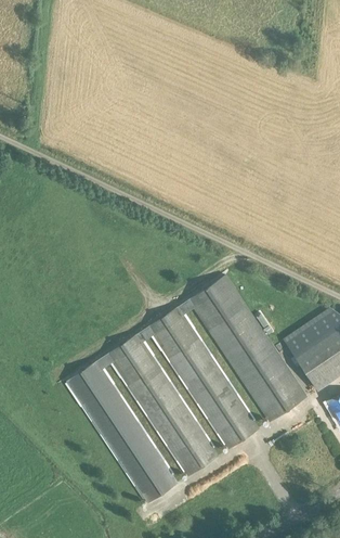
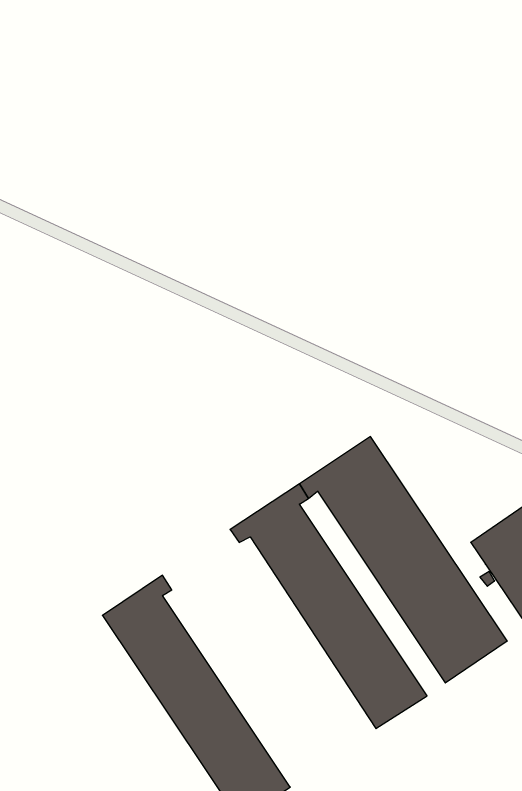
building: [102,331,218,476] -> none

